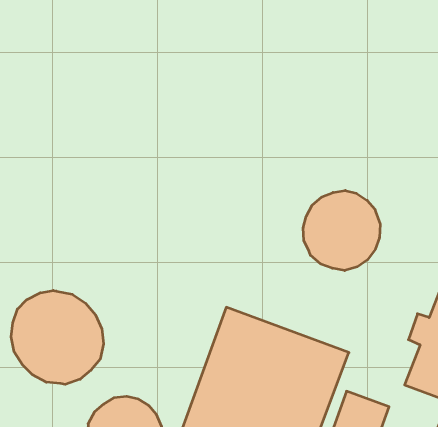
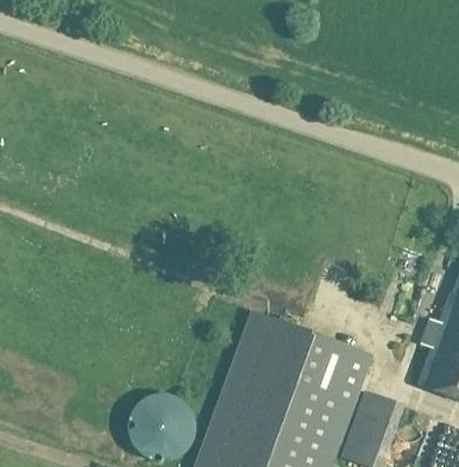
building: [303,190,380,271] -> none
building: [11,290,104,384] -> none

